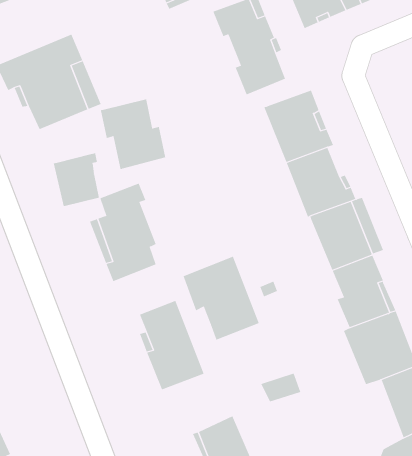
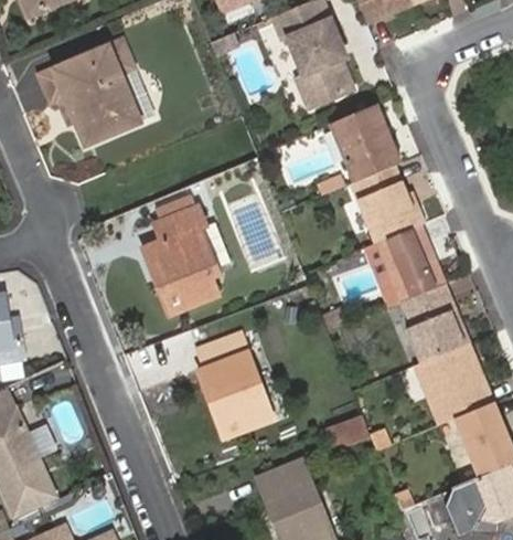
building: [100,98,166,170] -> none
building: [53,152,99,207] -> none
building: [183,256,259,341] -> none

